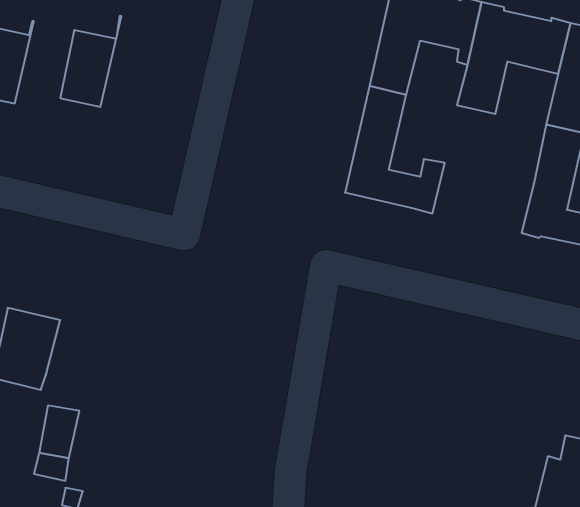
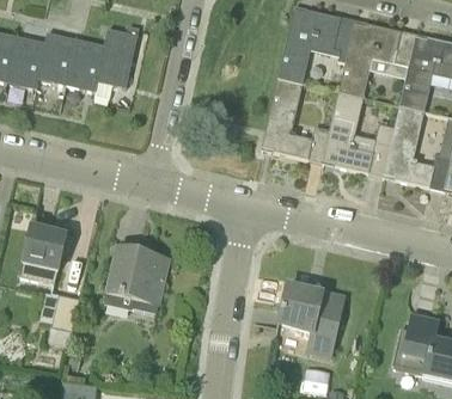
building: none -> [93,27,138,91]
building: none -> [35,31,75,87]
building: none -> [320,88,390,176]
building: none -> [106,247,169,313]
building: none -> [276,286,343,358]

